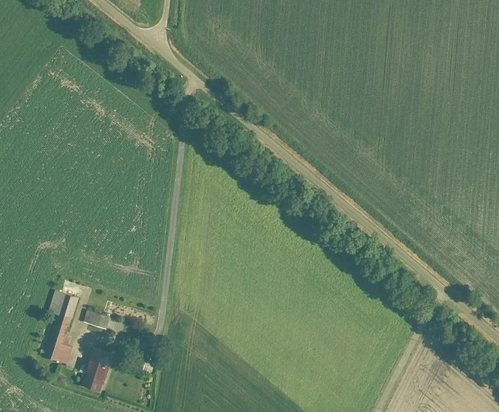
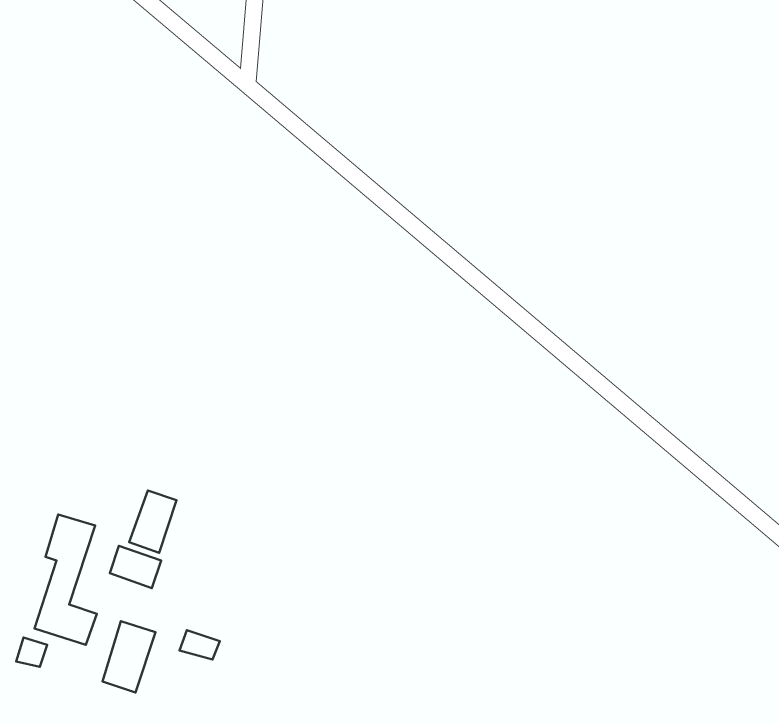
building: none -> [129,490,177,553]

